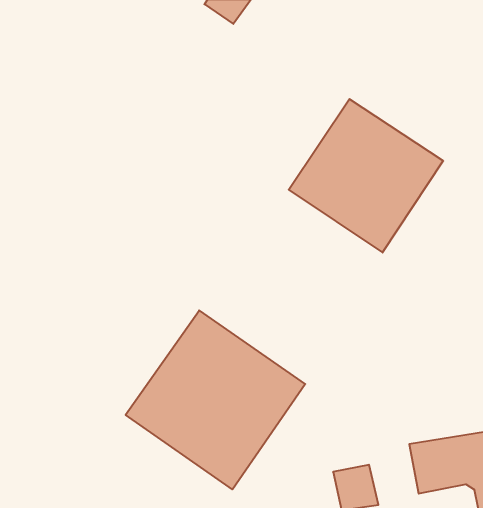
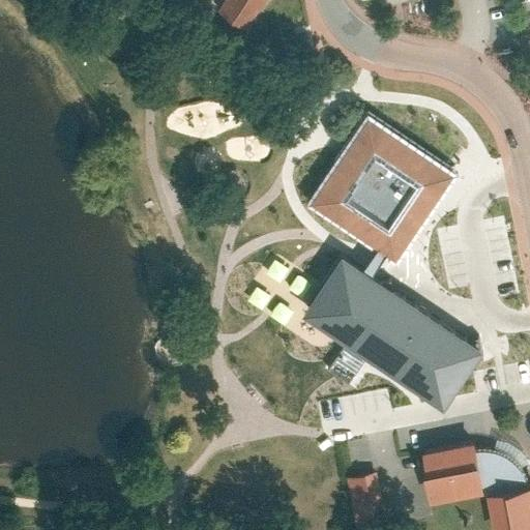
building: none -> [306,258,480,411]
building: [126,310,305,489] -> none

